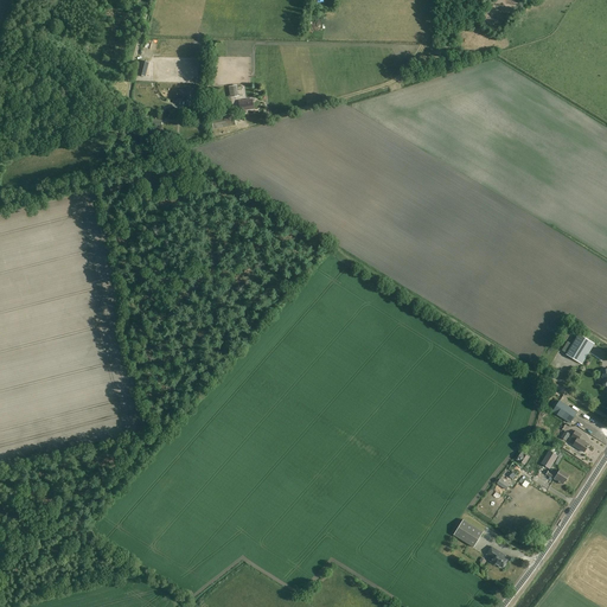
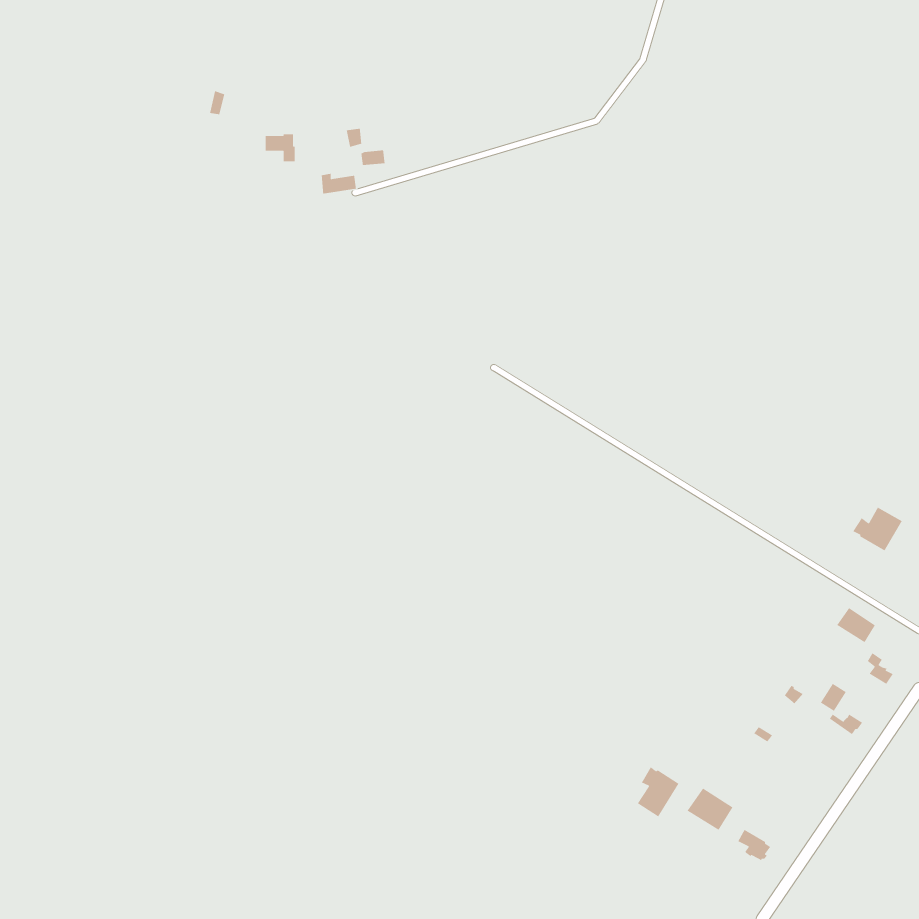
building: none -> [637,766,680,817]

